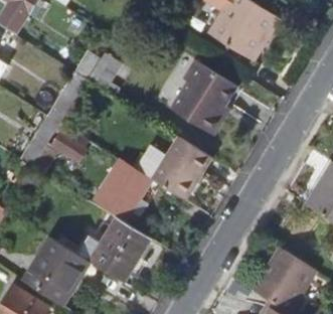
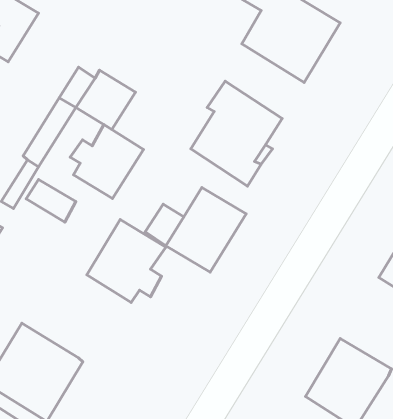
building: none -> [70,125,144,199]
building: [89,218,147,281] -> none

